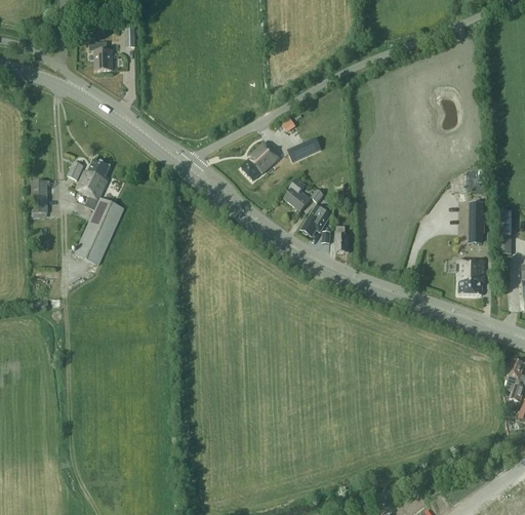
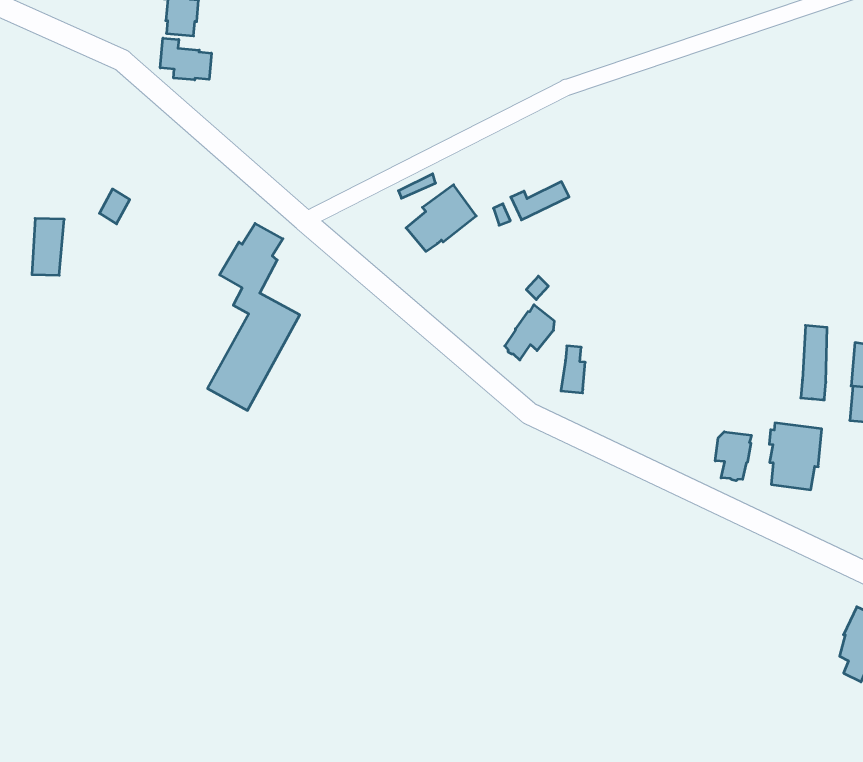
building: none -> [160,38,211,80]
building: [75,158,123,264] -> [208,223,300,410]
building: [283,177,310,210] -> none
building: none -> [715,432,751,481]

